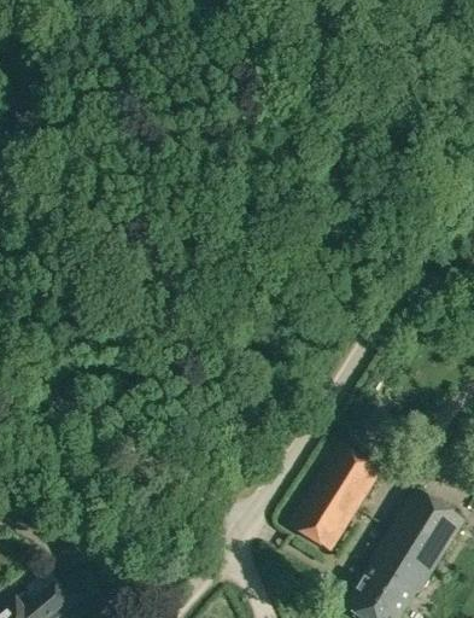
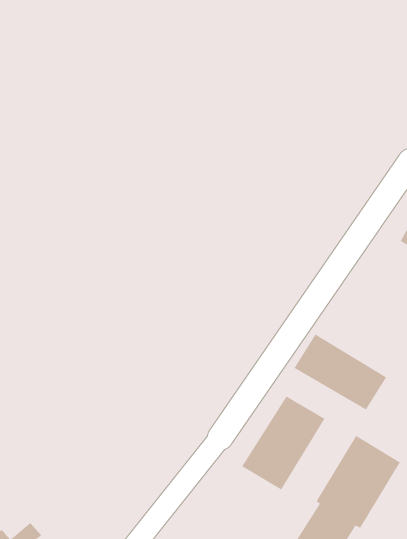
building: none -> [294,334,387,411]

